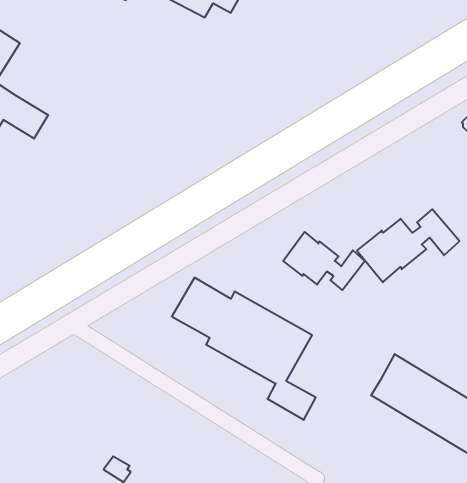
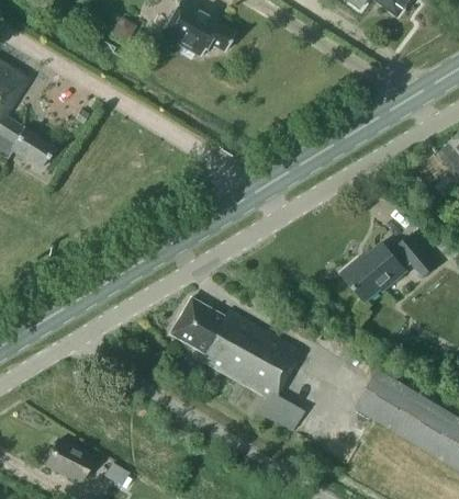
building: [283,232,365,290] -> none
building: none -> [43,441,91,481]

